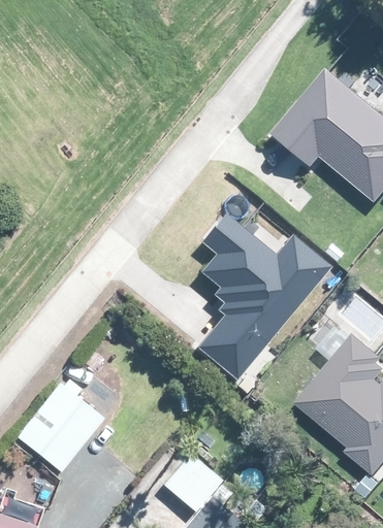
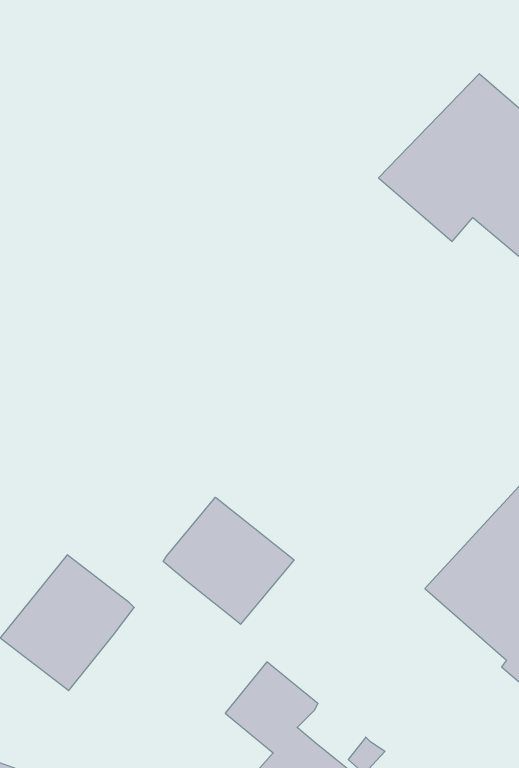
building: [204,224,334,377] -> none
building: none -> [163,497,294,624]

